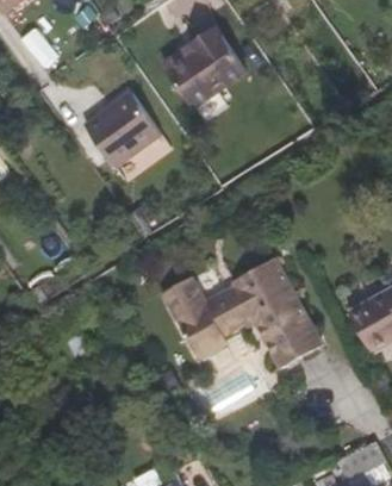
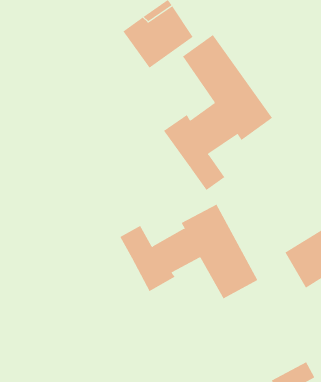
building: none -> [163,34,273,191]
building: [86,83,162,160] -> none

